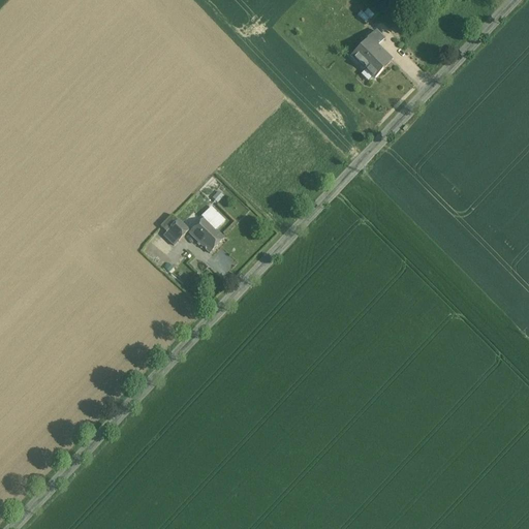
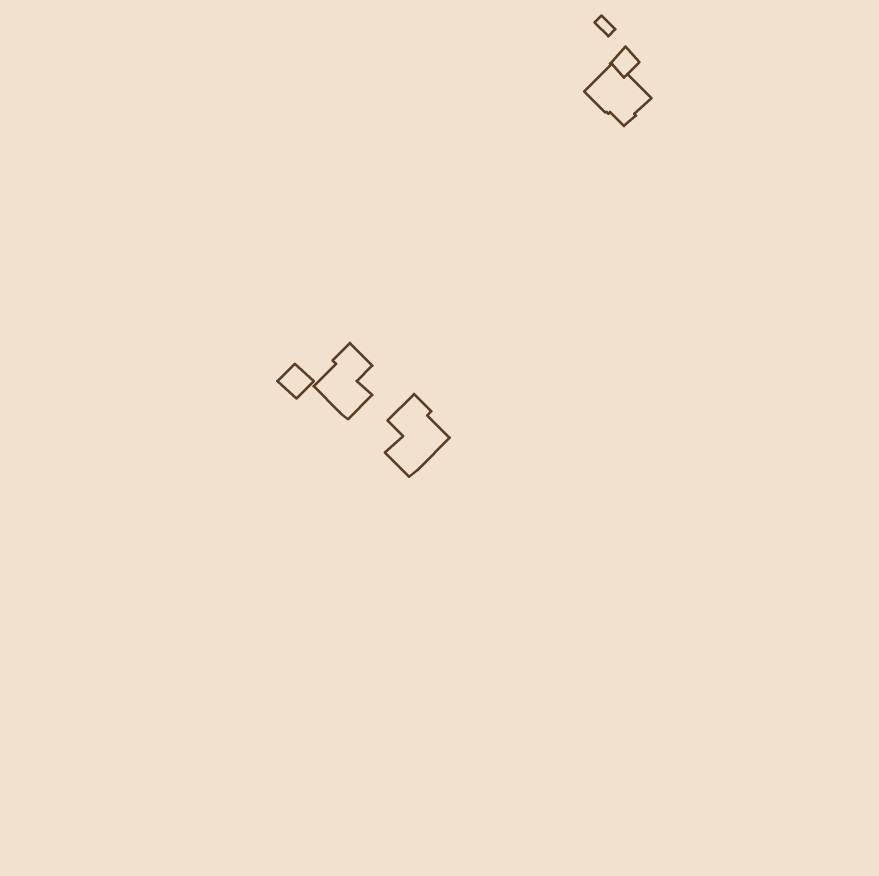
building: none -> [385,394,450,477]

